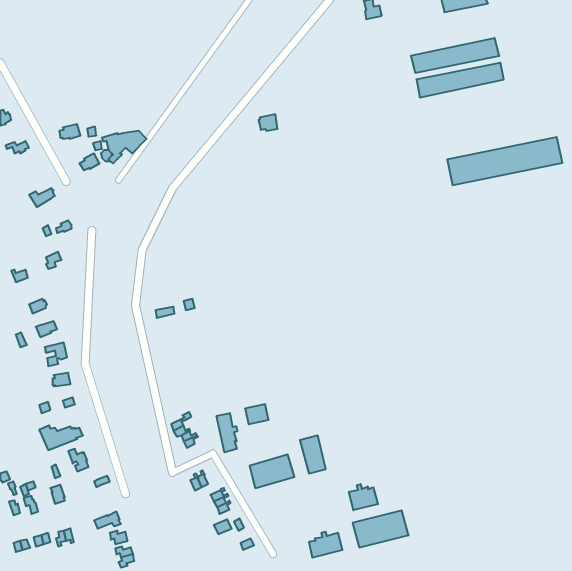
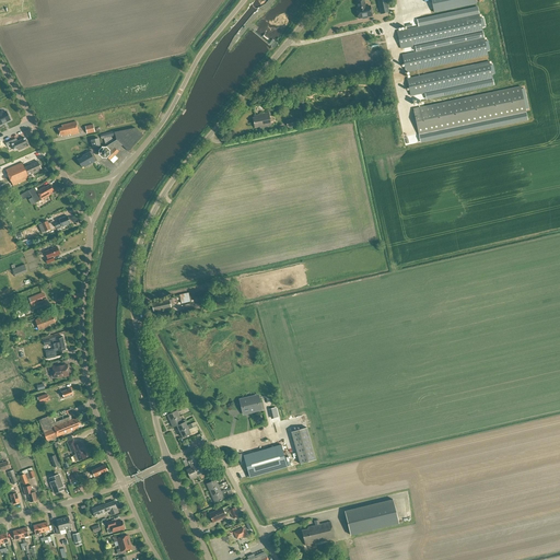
building: none -> [397,14,482,48]
building: [447,137,562,185] -> [413,86,526,133]
building: none -> [5,161,42,185]
building: [217,413,237,452] -> none
building: [349,484,378,510] -> none

